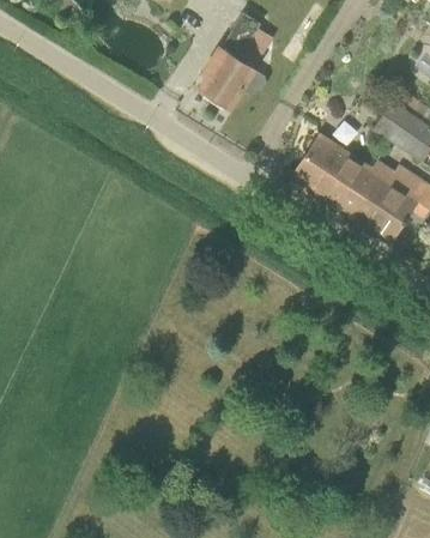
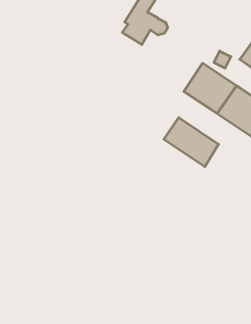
building: none -> [164,118,219,167]

